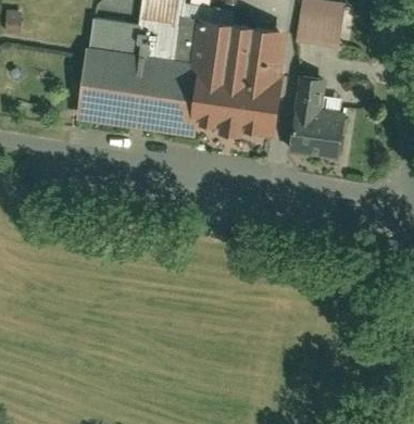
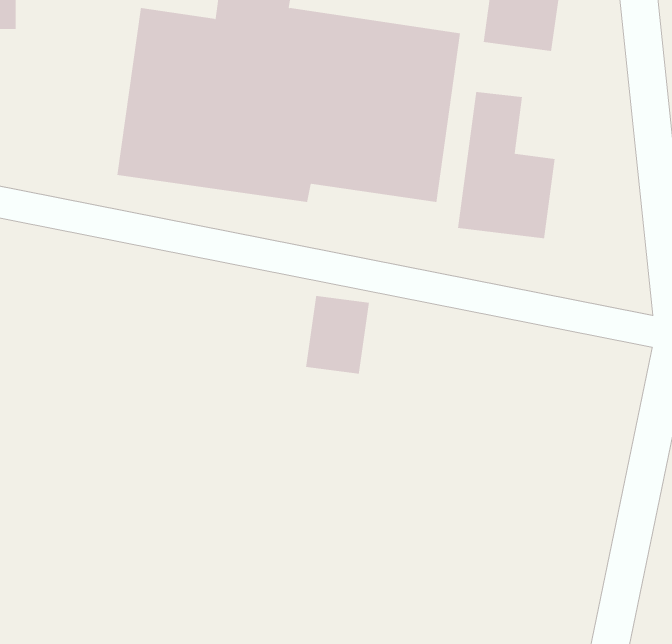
building: none -> [305,295,369,375]

